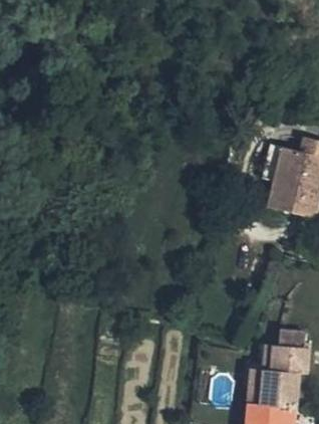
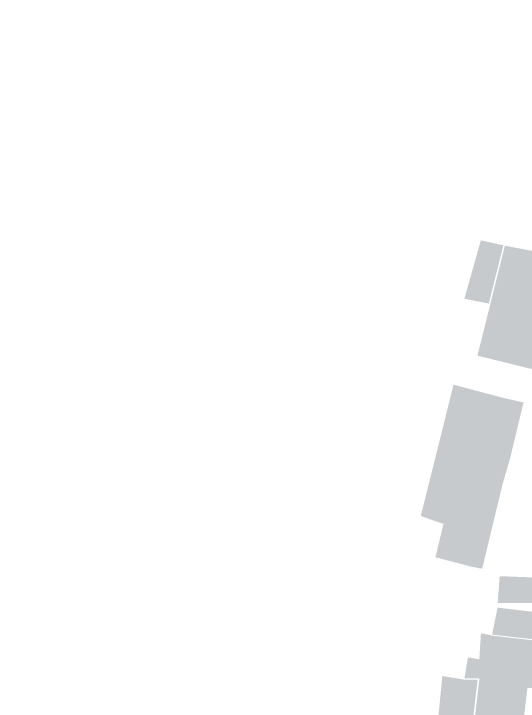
building: none -> [420,384,524,570]

